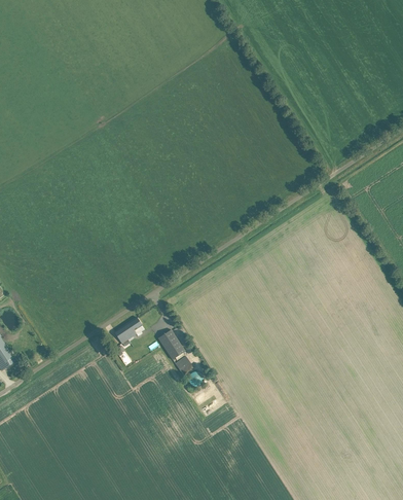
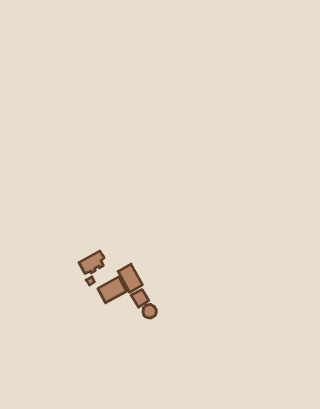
building: none -> [98,277,127,303]

